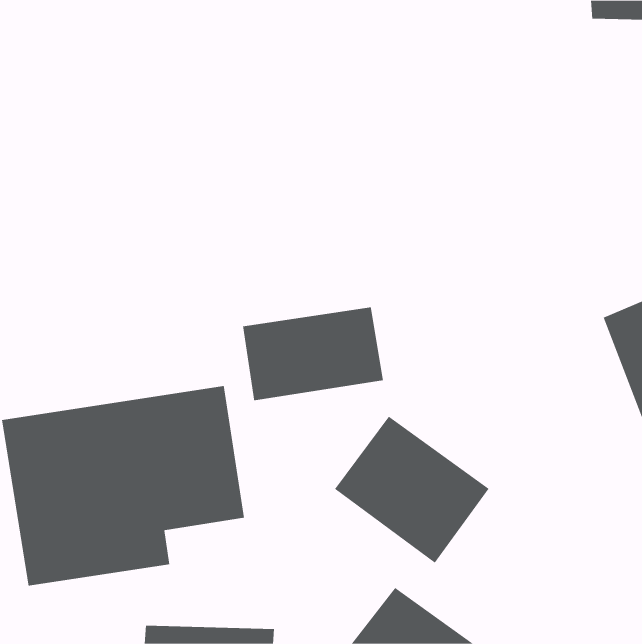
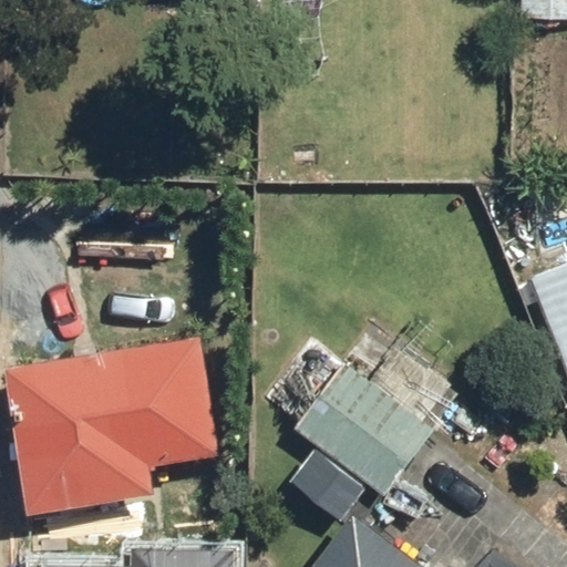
building: [242,307,383,401] -> none

